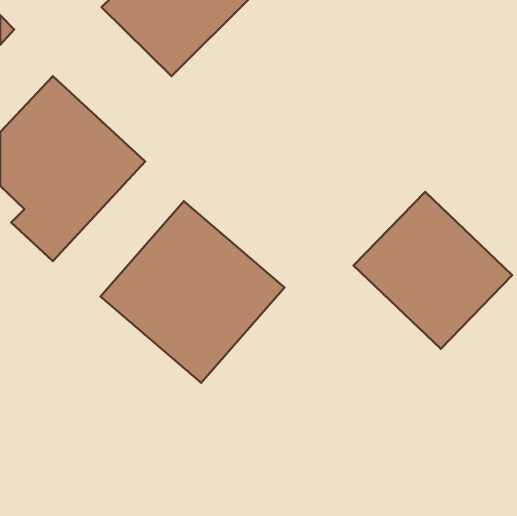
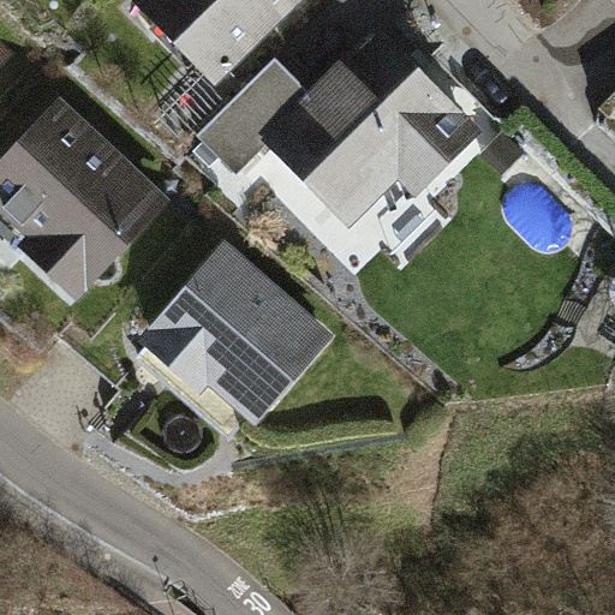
building: none -> [198,19,484,228]
building: [354,192,512,349] -> none

